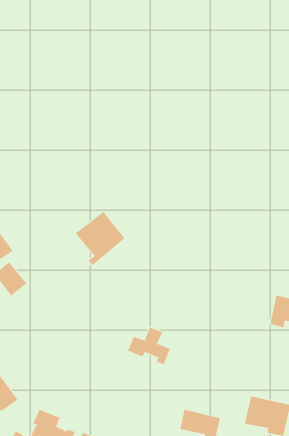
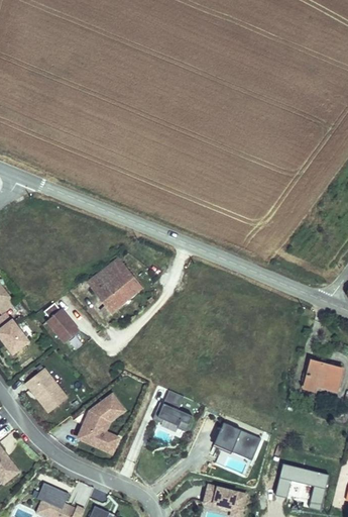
building: none -> [43,313,78,348]
building: none -> [26,367,70,413]
building: none -> [76,391,127,452]
building: none -> [215,420,263,459]

